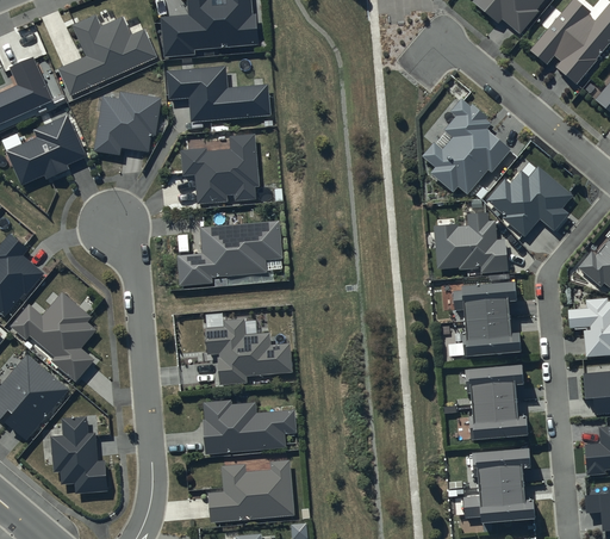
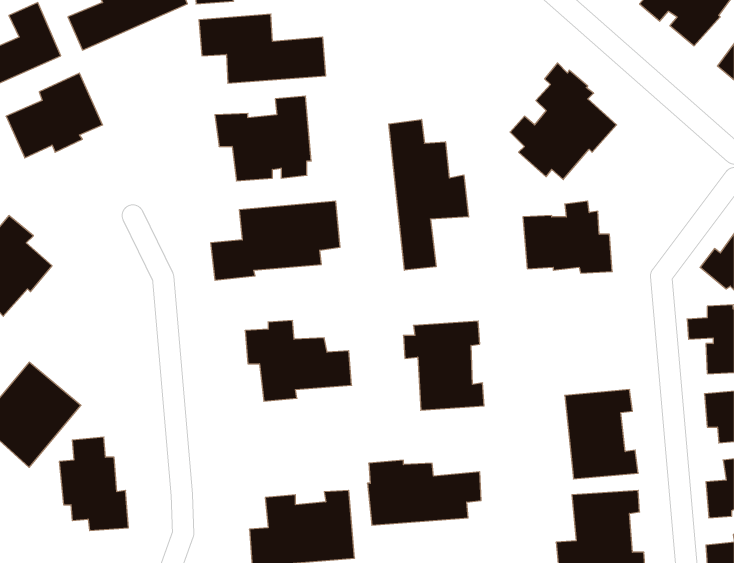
building: [93,89,161,153] -> none
building: none -> [389,119,469,270]
building: [488,173,573,242] -> none
building: [10,290,97,380] -> none
building: [454,290,521,364] -> [403,321,484,410]
building: [201,398,295,452] -> [367,460,481,525]

